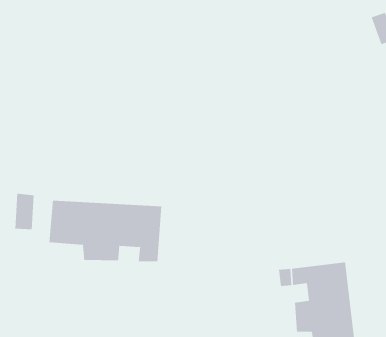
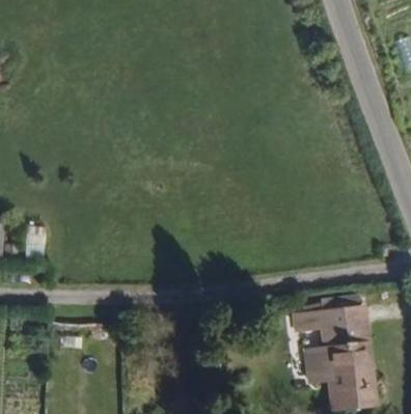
building: [49,200,162,262] -> none

